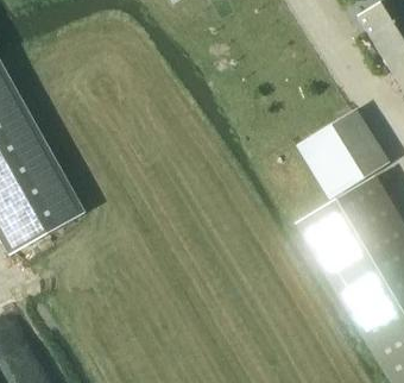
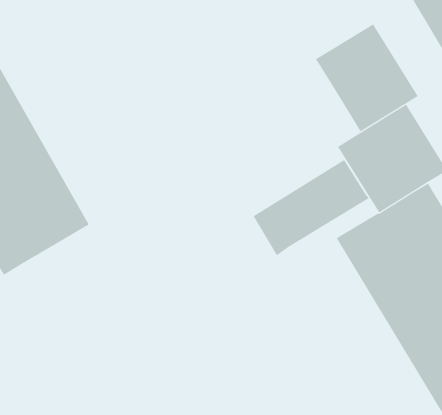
building: none -> [315,23,418,132]
building: none -> [253,159,370,256]

